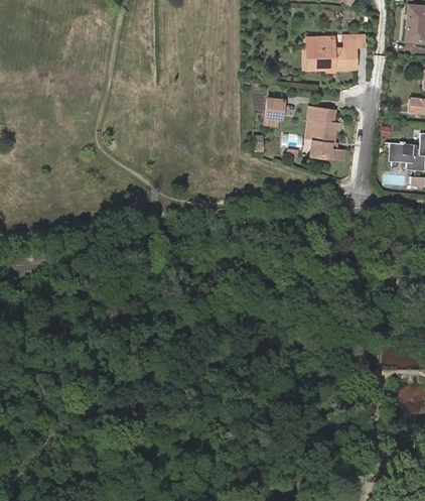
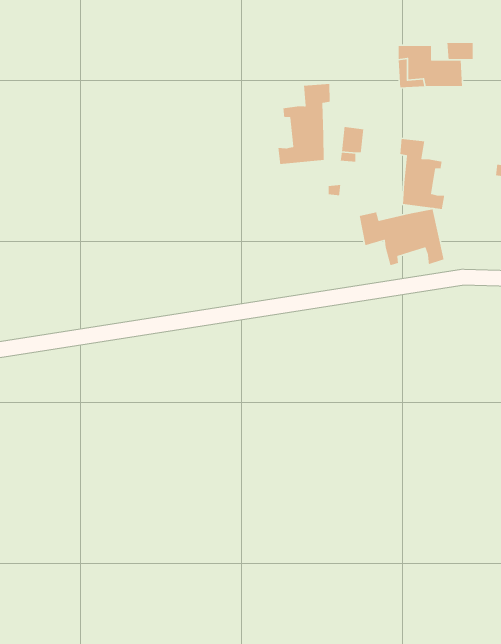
building: none -> [277,83,331,165]
building: none -> [359,209,445,266]

